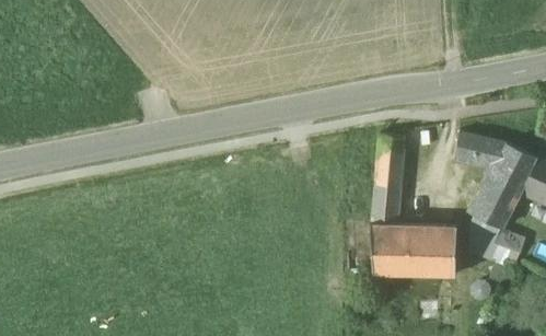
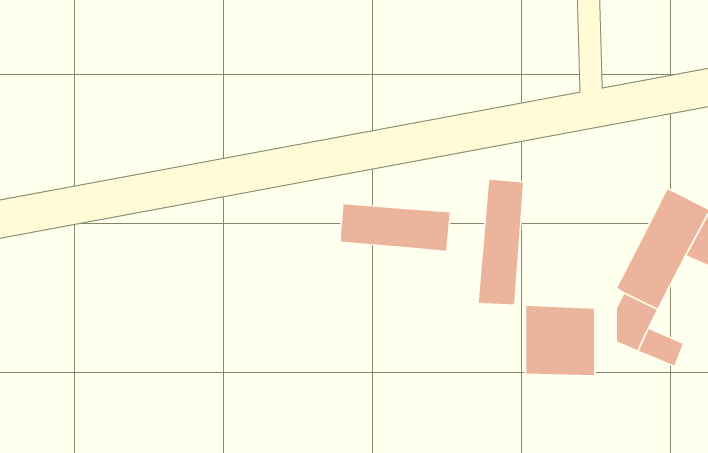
building: [456,131,508,169] -> none
building: none -> [340,204,450,252]
building: [373,224,407,275] -> none

